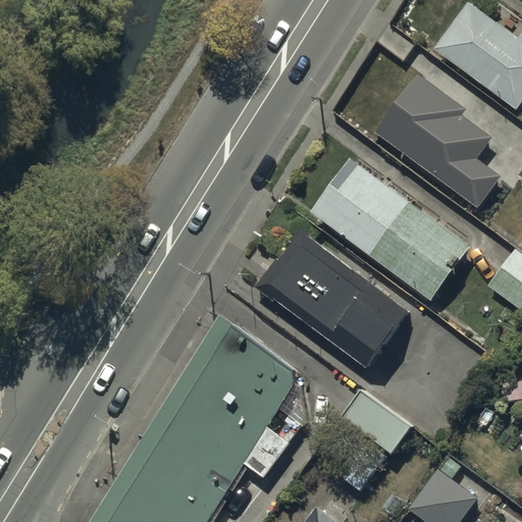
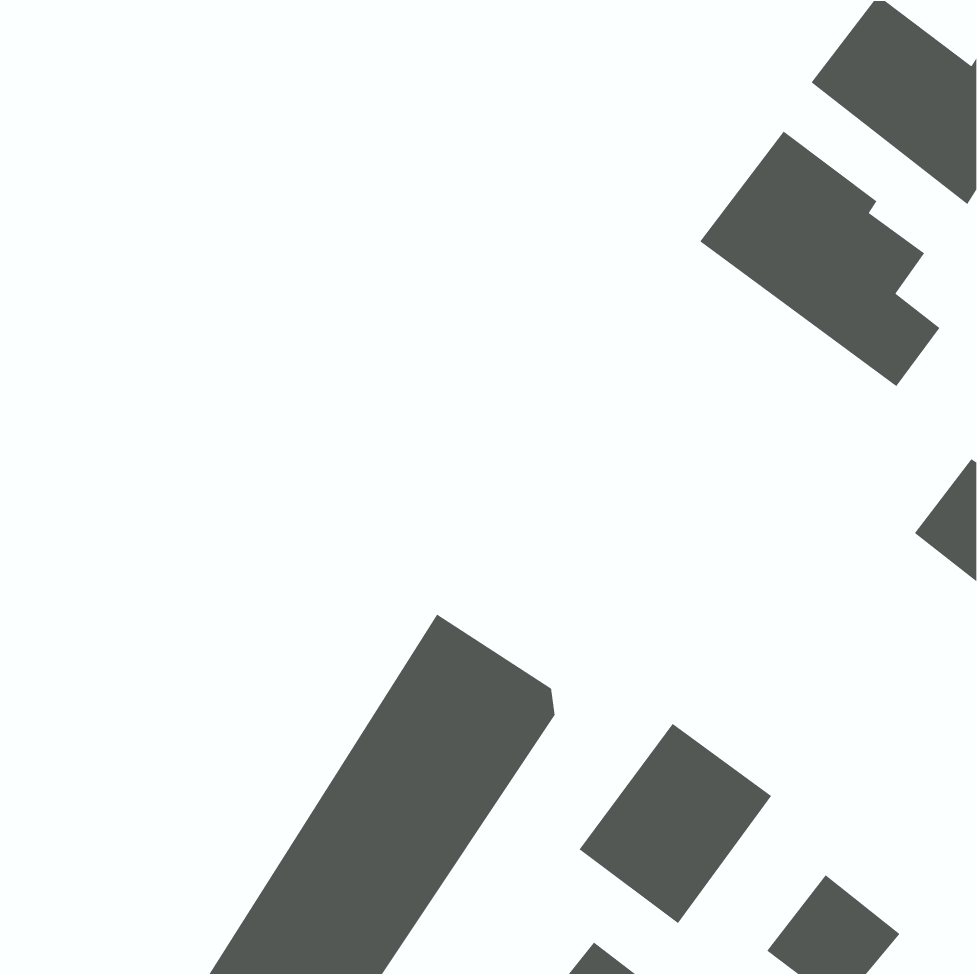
building: [308,157,470,302] -> none
building: [255,227,411,370] -> none

